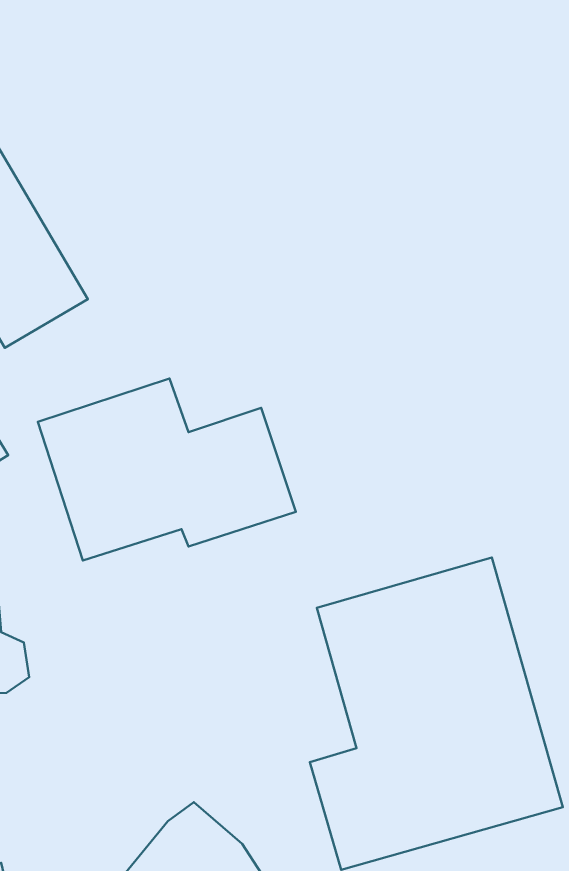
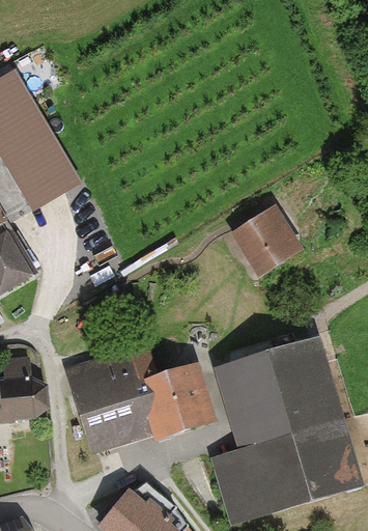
building: none -> [232,208,303,278]
building: [38,378,296,560] -> [65,343,220,452]

